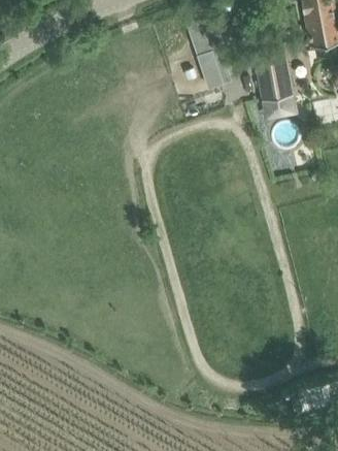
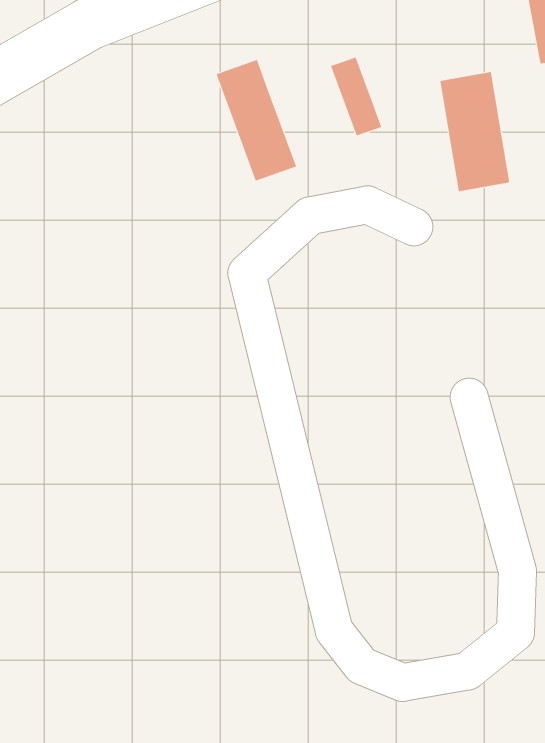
building: none -> [216,59,297,181]

